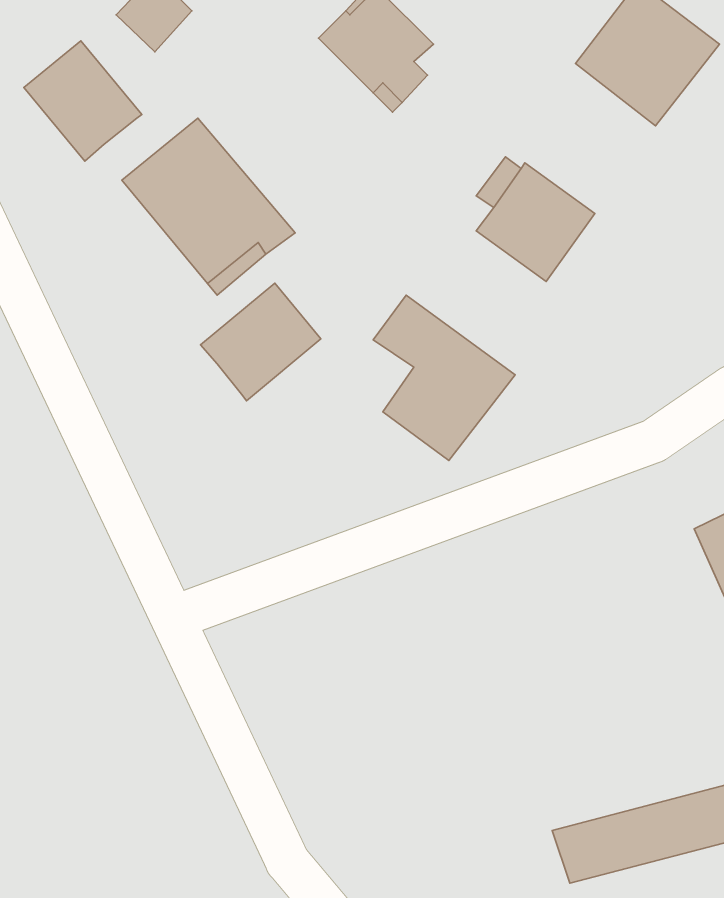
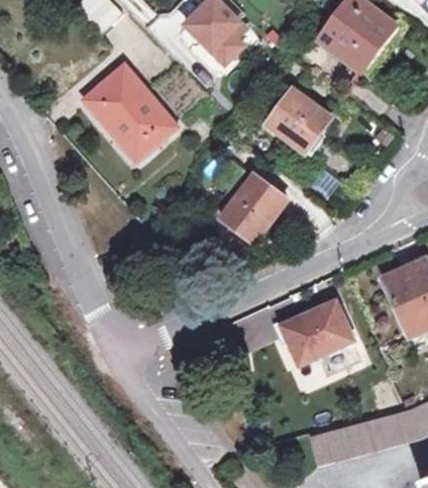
building: [24,41,142,161] -> none
building: [201,283,321,401] -> none
building: none -> [279,301,354,366]

